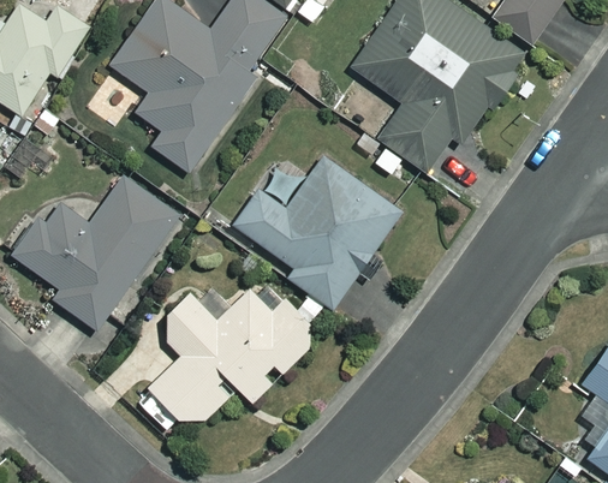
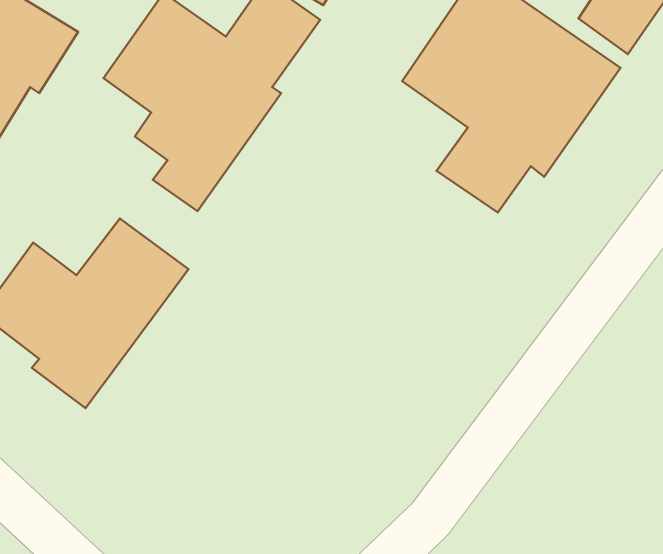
building: [233,159,401,309] -> none
building: [151,290,320,430] -> none

